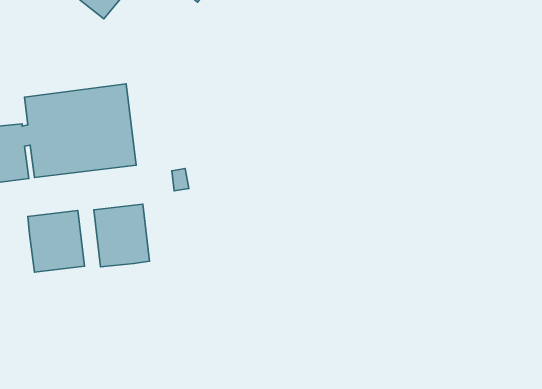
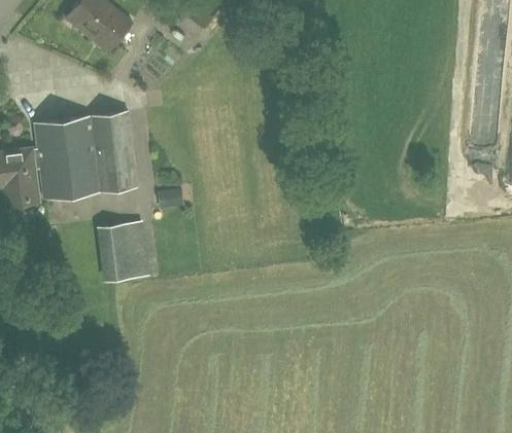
building: [28,210,85,272] -> none

